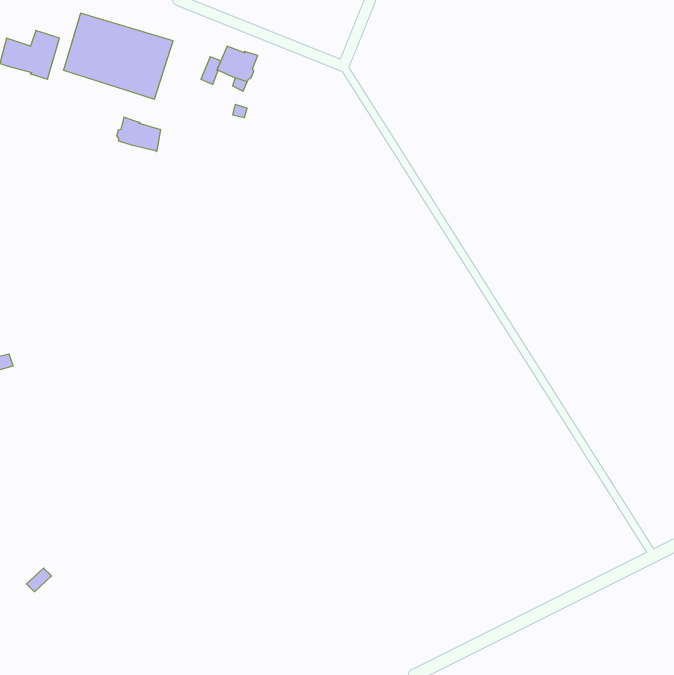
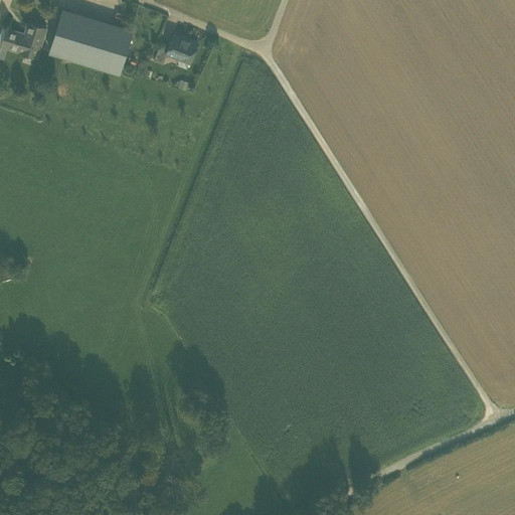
building: [117,117,160,152] -> none

